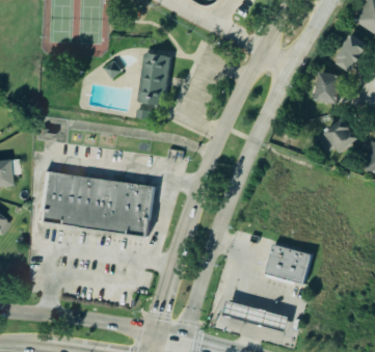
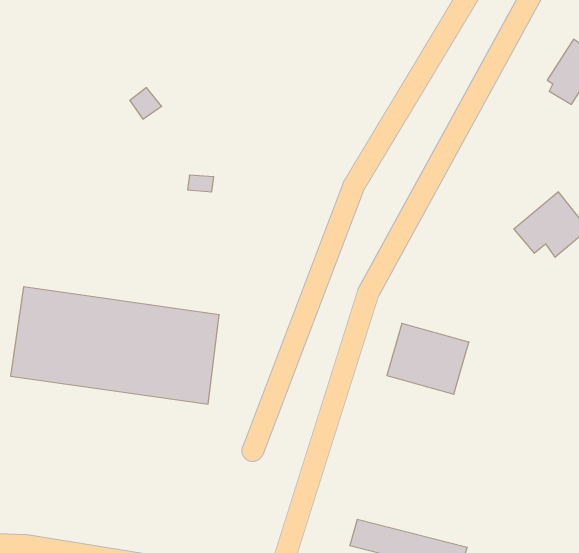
building: [137,51,173,104] -> none
building: [316,72,343,104] -> none
building: [266,244,312,283] -> [387,323,469,394]

